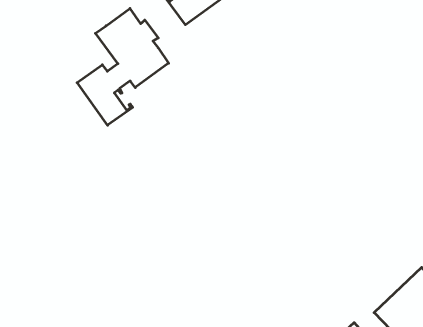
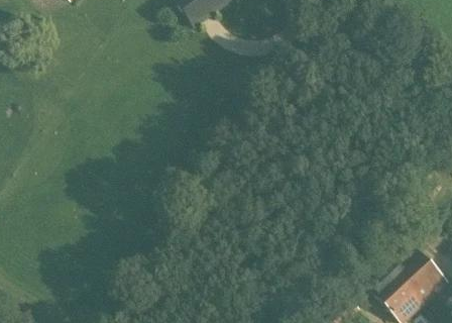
building: [77,8,169,125] -> none

